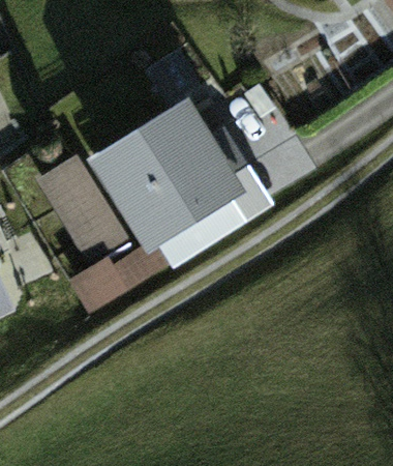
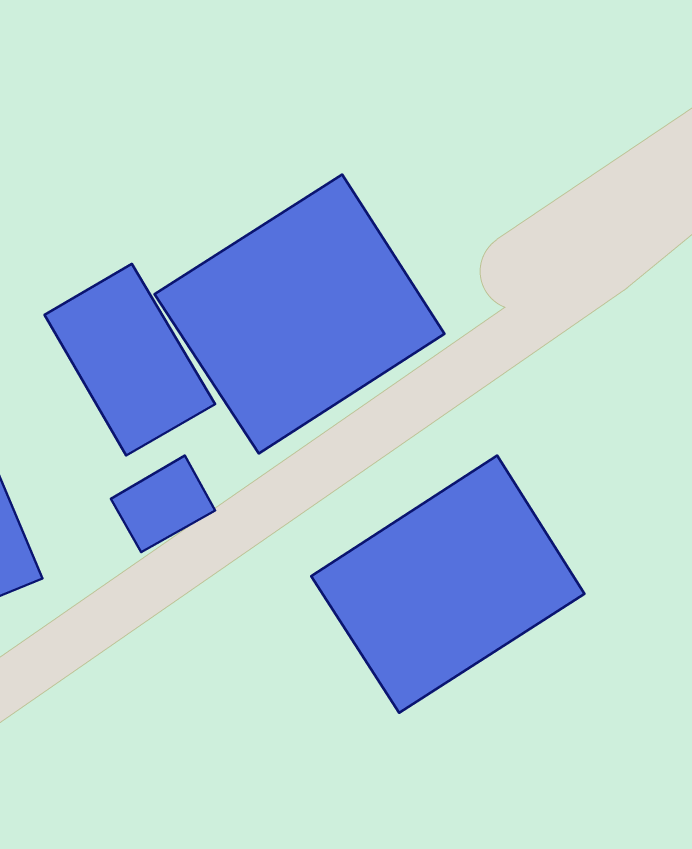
building: none -> [311,455,584,713]

